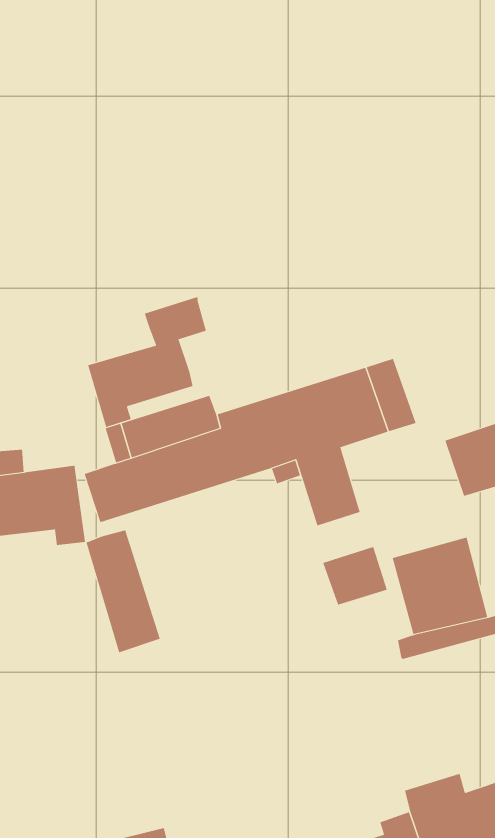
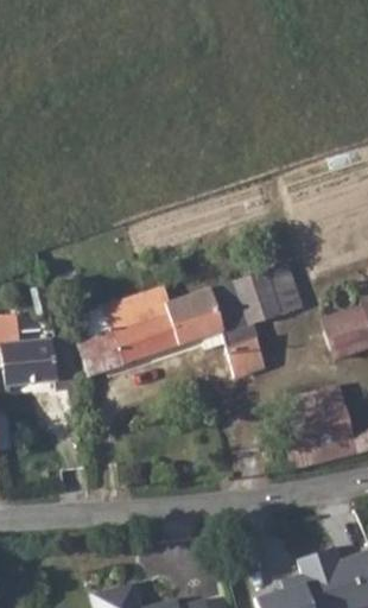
building: [88,296,206,428] -> none
building: [86,530,160,653] -> none
building: [323,546,388,606] -> none

